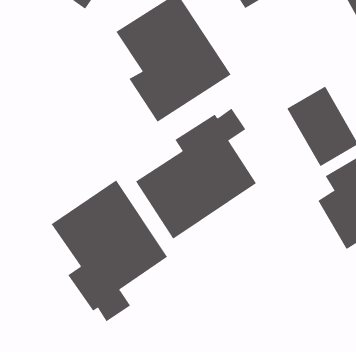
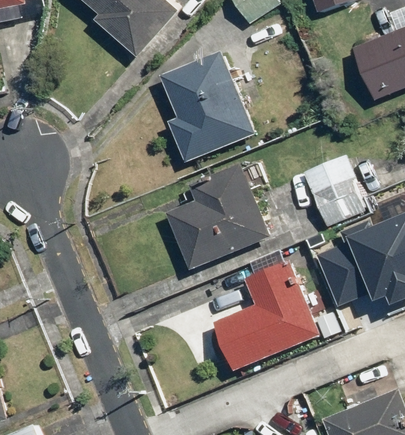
building: [51,179,168,322] -> none
building: none -> [213,259,320,370]

